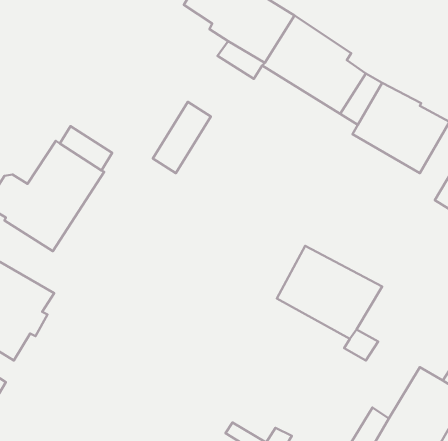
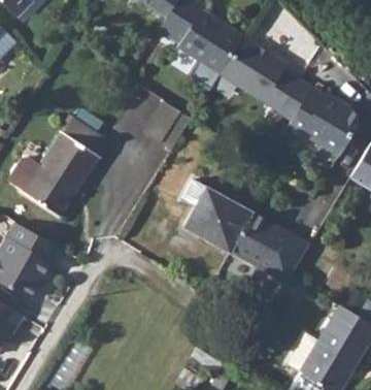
building: none -> [182,180,252,252]

